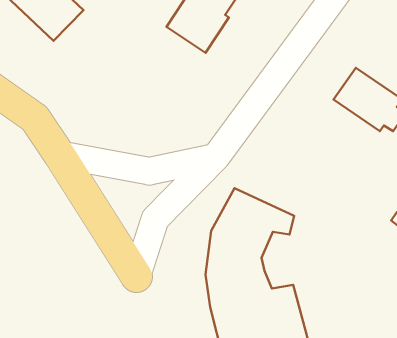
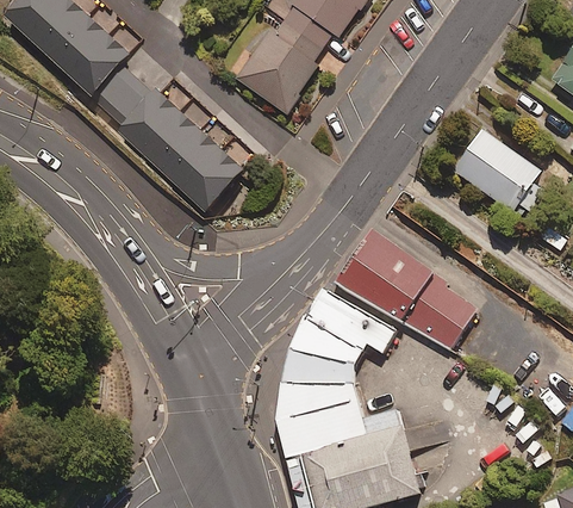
building: none -> [95,70,242,212]
building: none -> [340,224,490,347]

